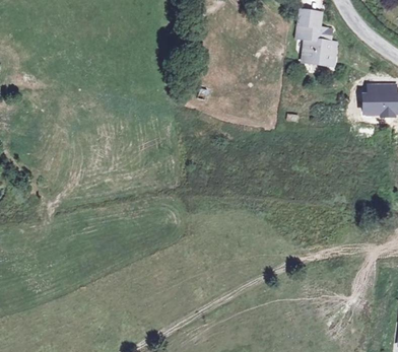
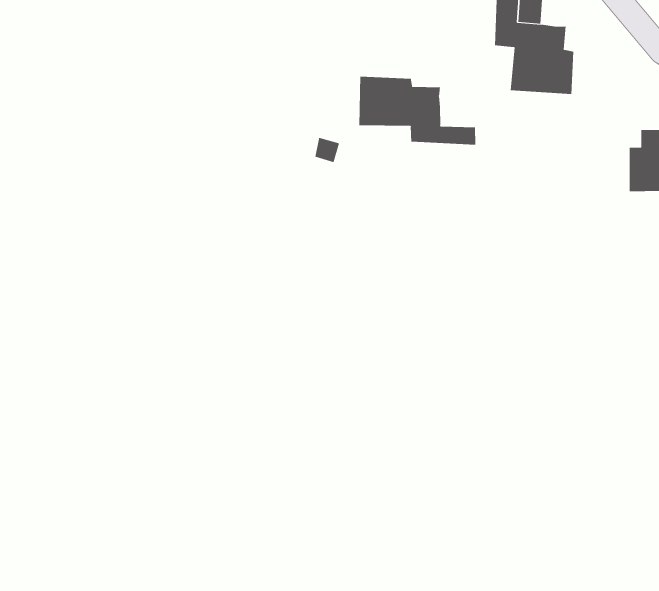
building: none -> [359,76,476,146]

